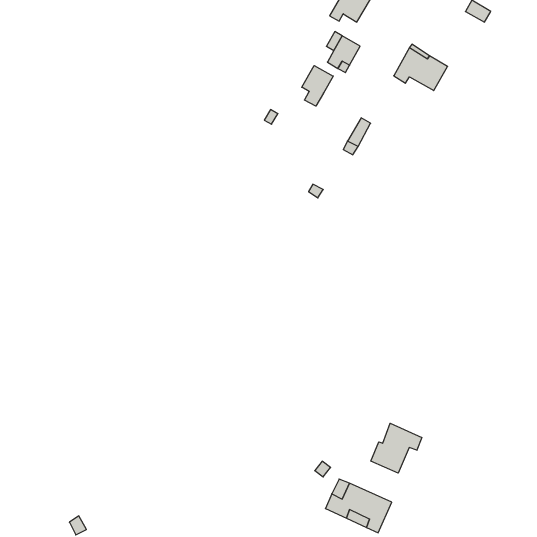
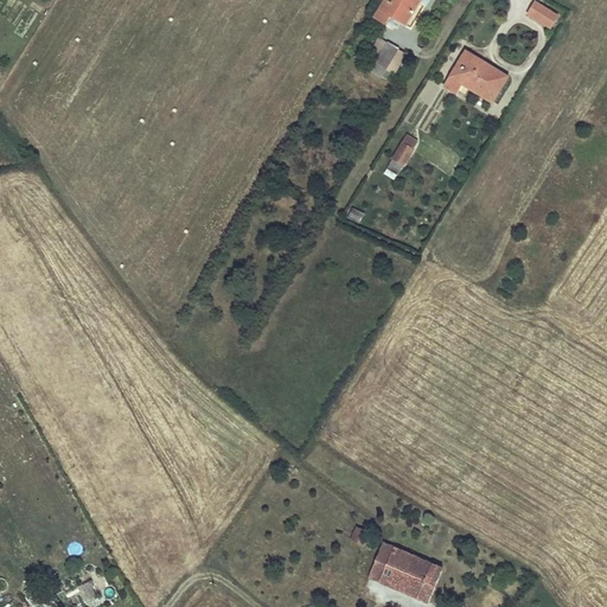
building: [302,66,333,106] -> none
building: [371,423,422,473] -> none

